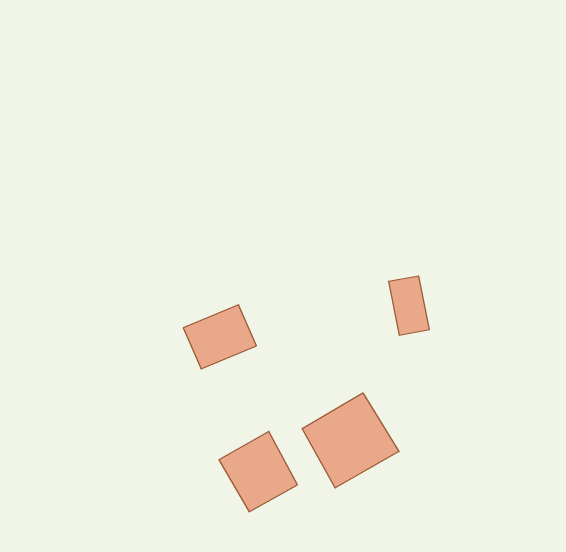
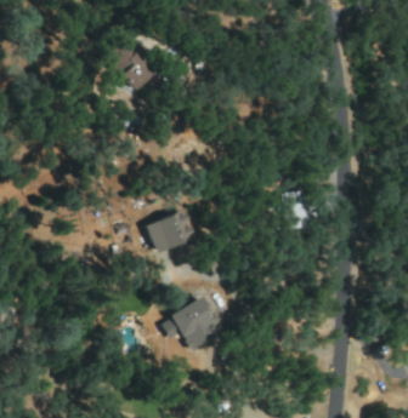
building: none -> [102,38,154,88]
building: [302,393,399,488] -> none

